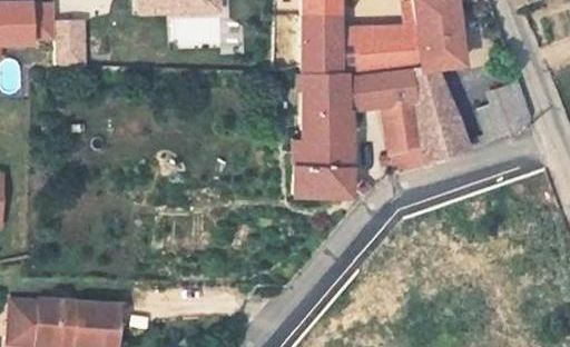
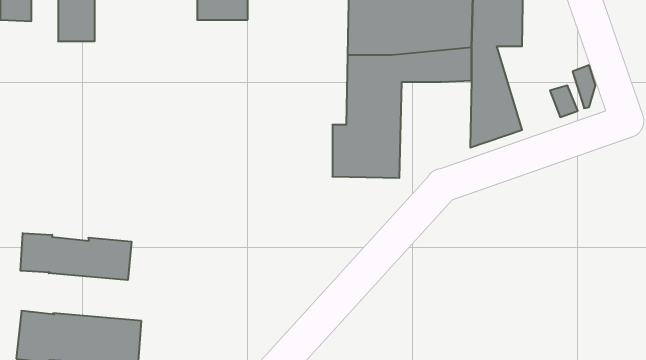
building: [386,100,415,169] -> none
building: none -> [20,233,131,280]

